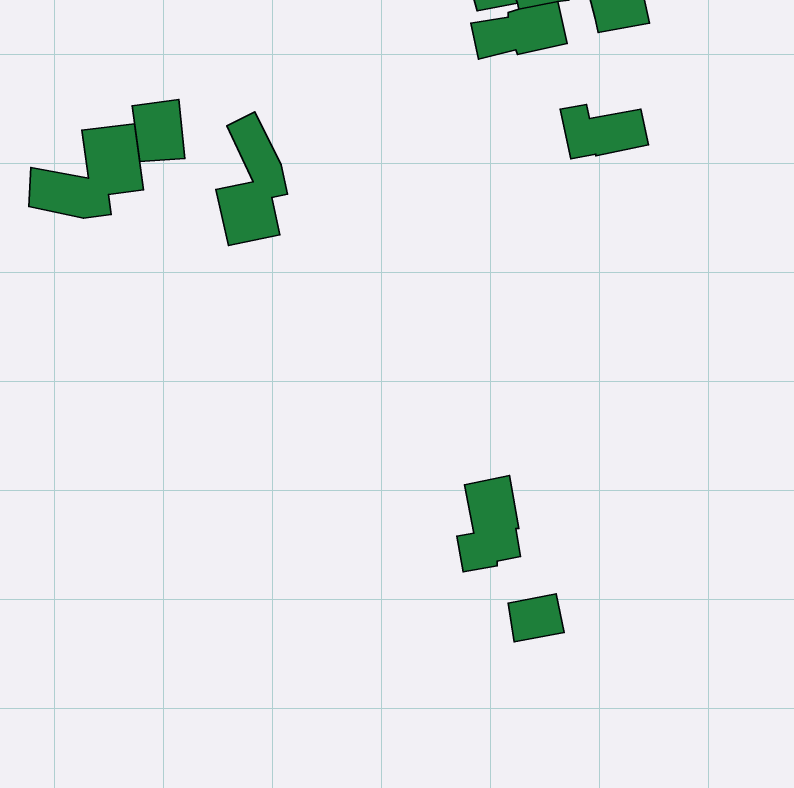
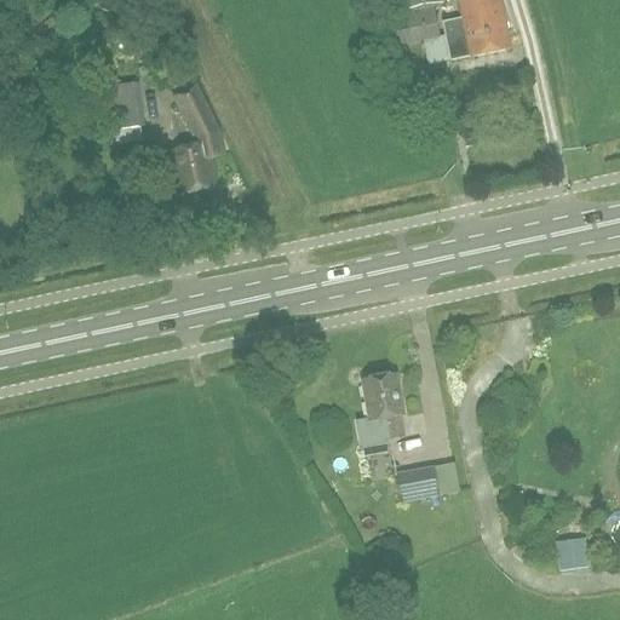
building: [560,105,649,159] -> [443,15,512,57]
building: [29,124,143,218] -> none
building: none -> [557,535,587,566]

